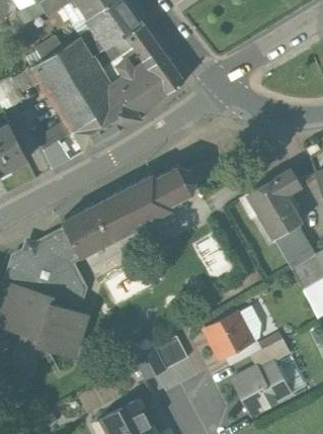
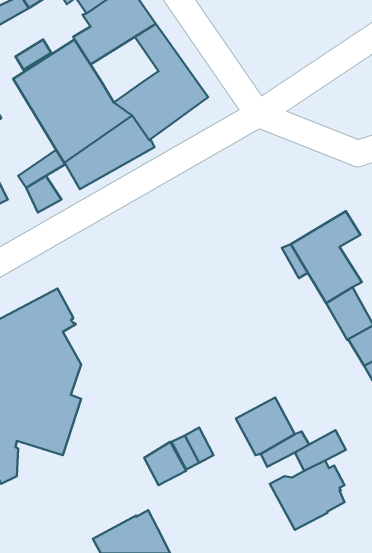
building: [93,34,146,70] -> none
building: [63,163,201,257] -> none

